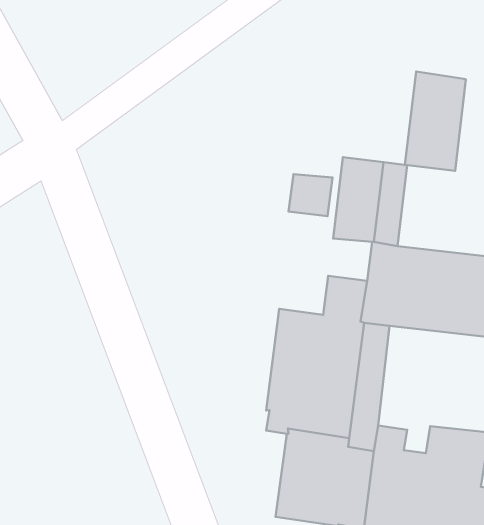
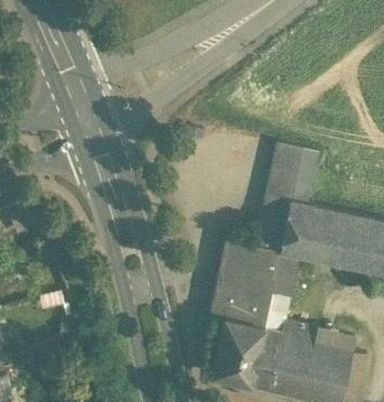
building: [405,72,466,171] -> none
building: [288,174,332,216] -> [260,196,290,226]

